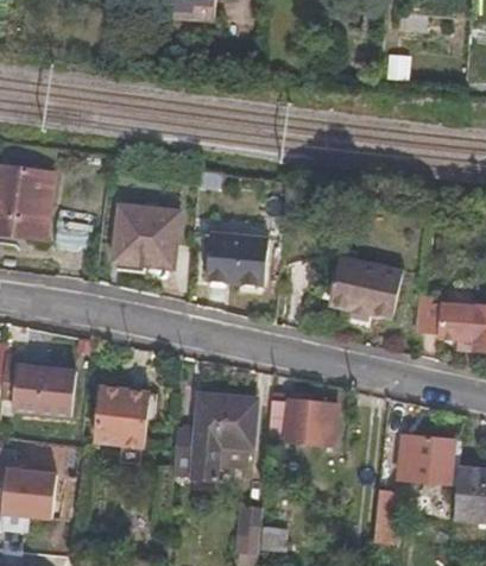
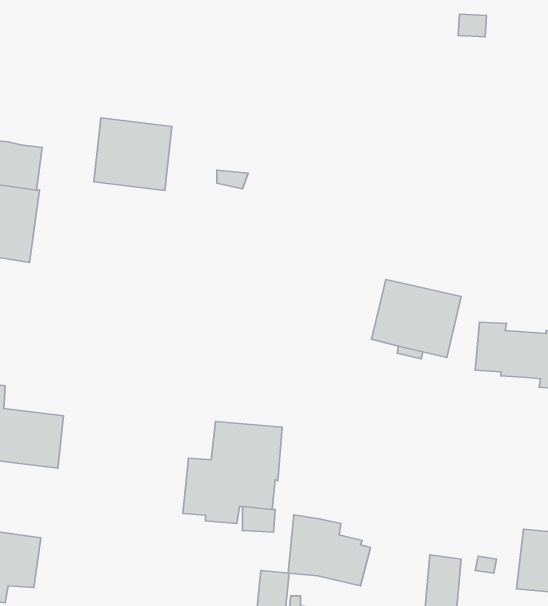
building: [114,208,179,269] -> [94,118,172,190]
building: [204,234,267,288] -> none
building: [99,377,152,434] -> none
building: [269,386,337,446] -> [288,515,371,586]
building: [398,436,454,485] -> none

